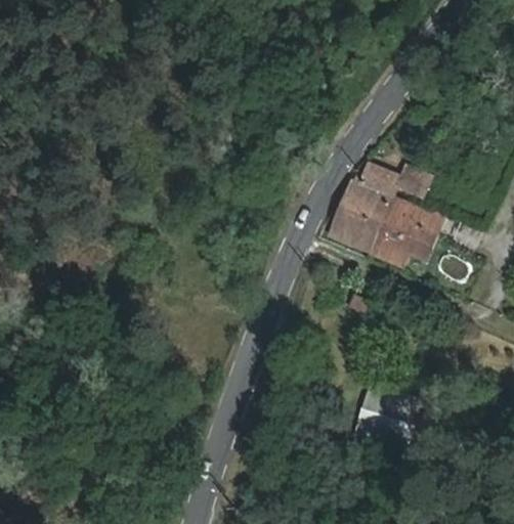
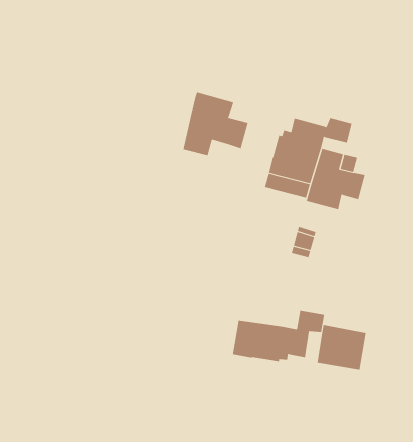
building: none -> [183,92,248,156]
building: none -> [232,310,325,362]

